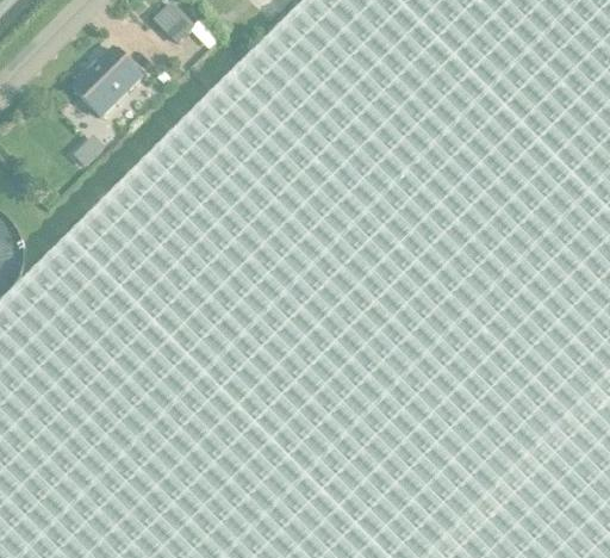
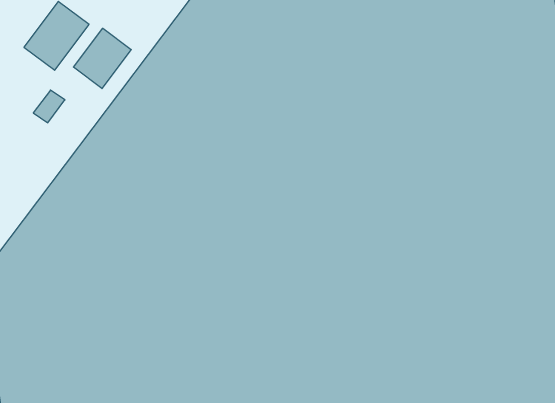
building: none -> [73,28,131,89]

